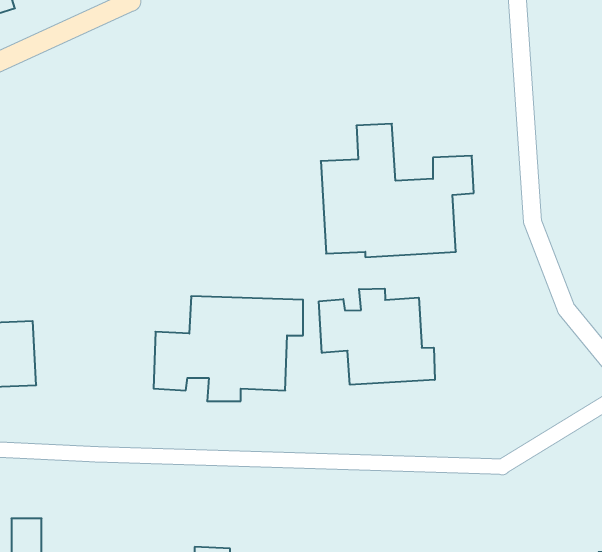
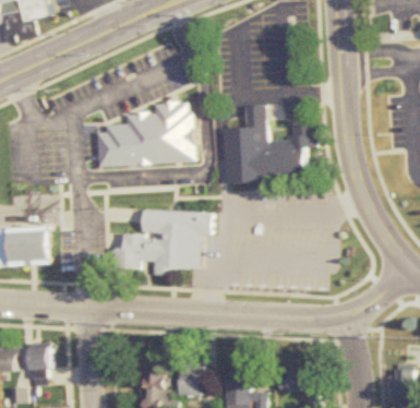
building: none -> [93,100,192,166]
building: [319,289,435,385] -> none

